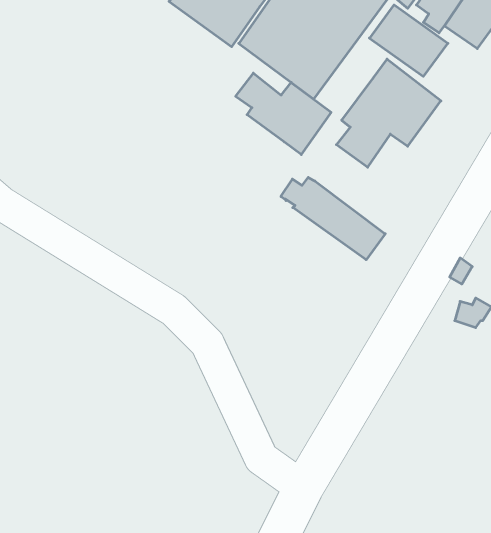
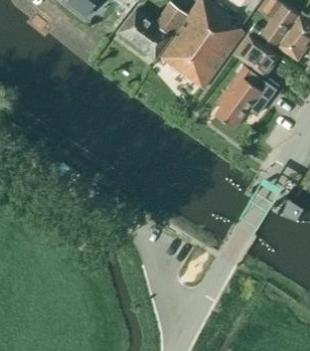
building: [236,73,331,155] -> none
building: [281,177,385,260] -> none

